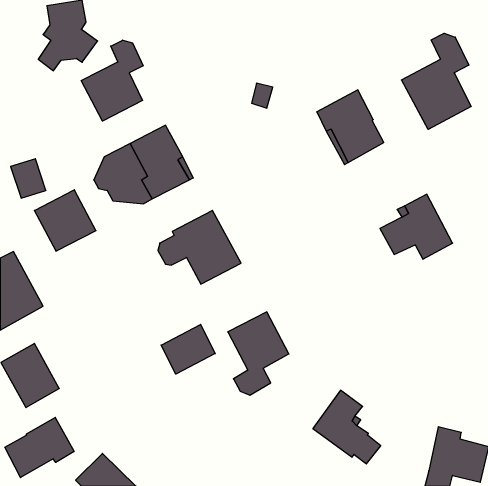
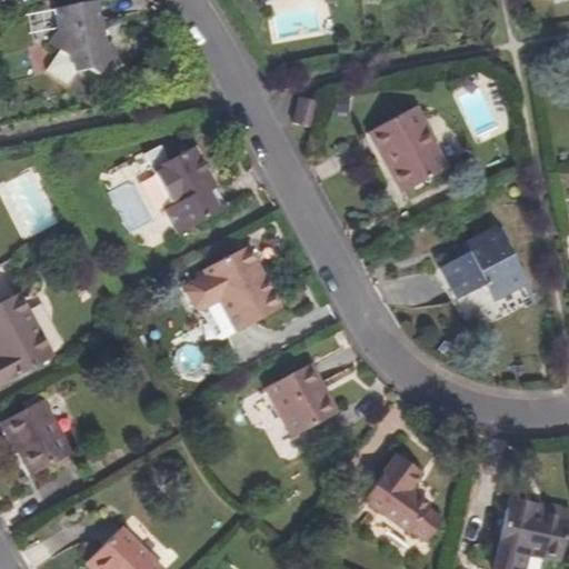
building: [401,33,471,129] -> none
building: [81,40,143,121] -> none
building: [34,190,96,251] -> none
building: [161,324,215,374] -> none
building: [5,417,74,478] -> none

